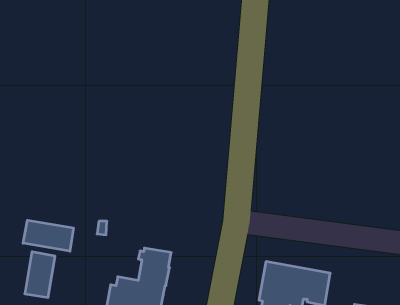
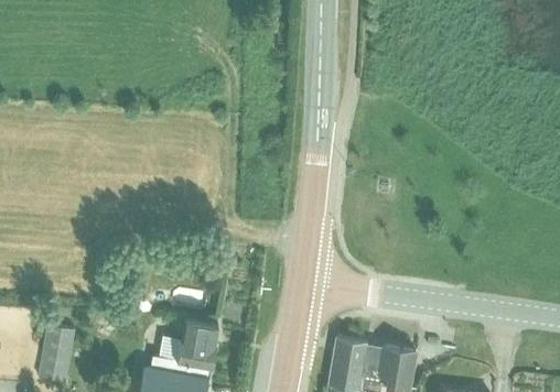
building: [23,220,73,251] -> none

